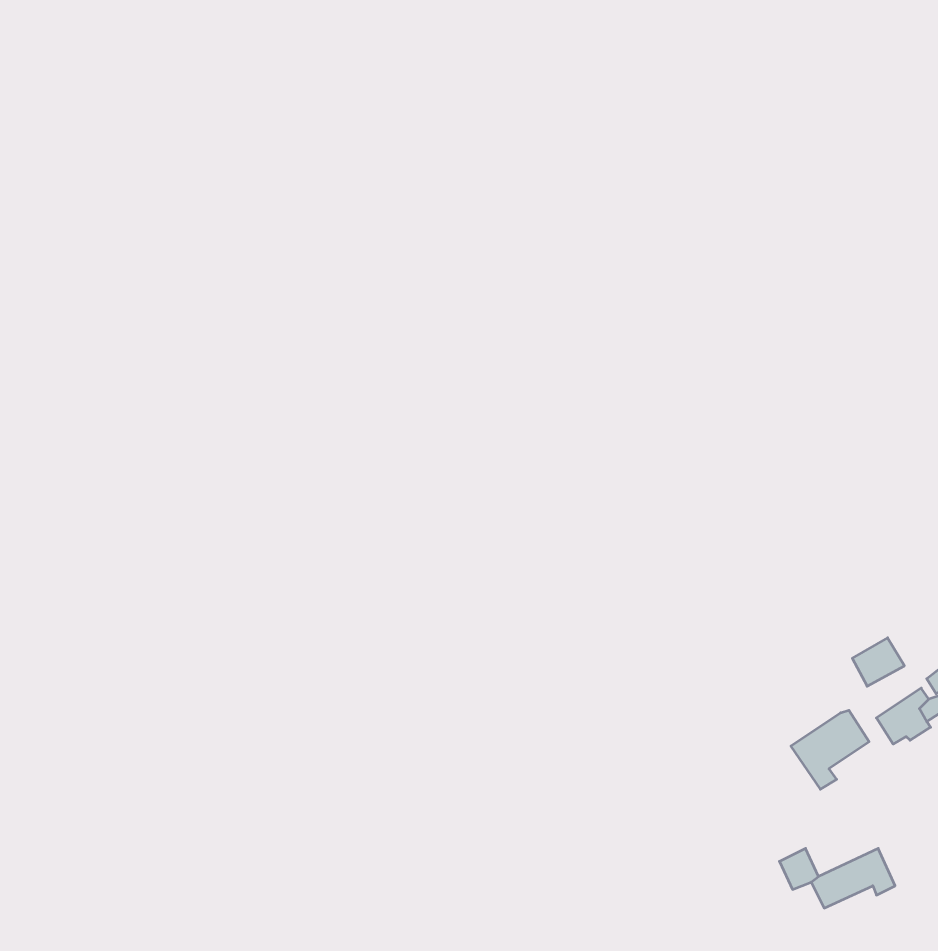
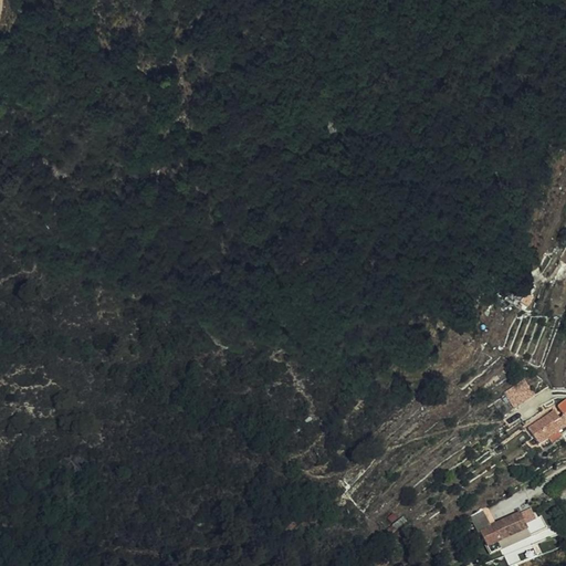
building: [791,710,869,789] -> none
building: none -> [479,524,530,552]

